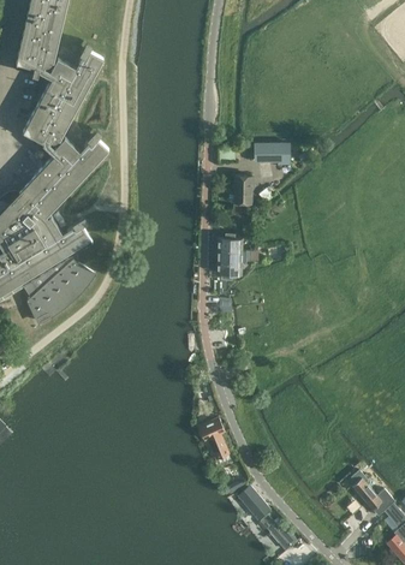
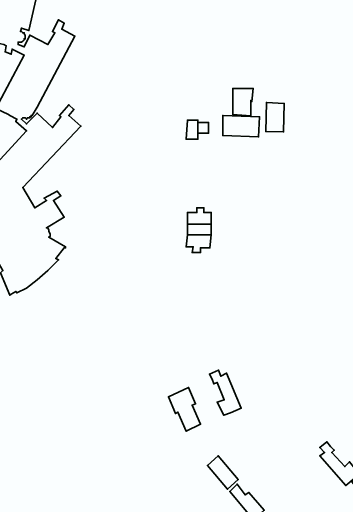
building: none -> [266,102,284,132]
building: [234,177,255,204] -> [233,89,253,116]
building: none -> [210,370,241,415]

